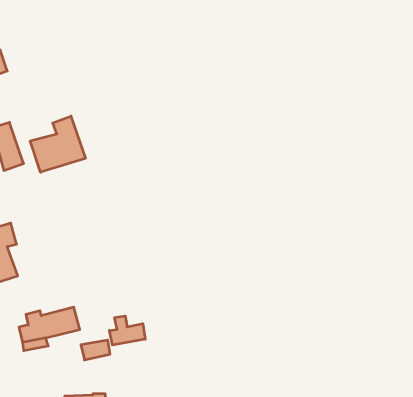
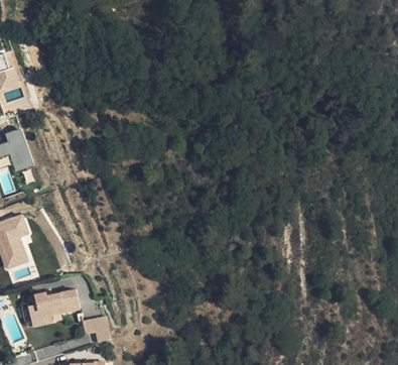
building: [30,116,85,172] -> none
building: [109,316,145,345] -> none

